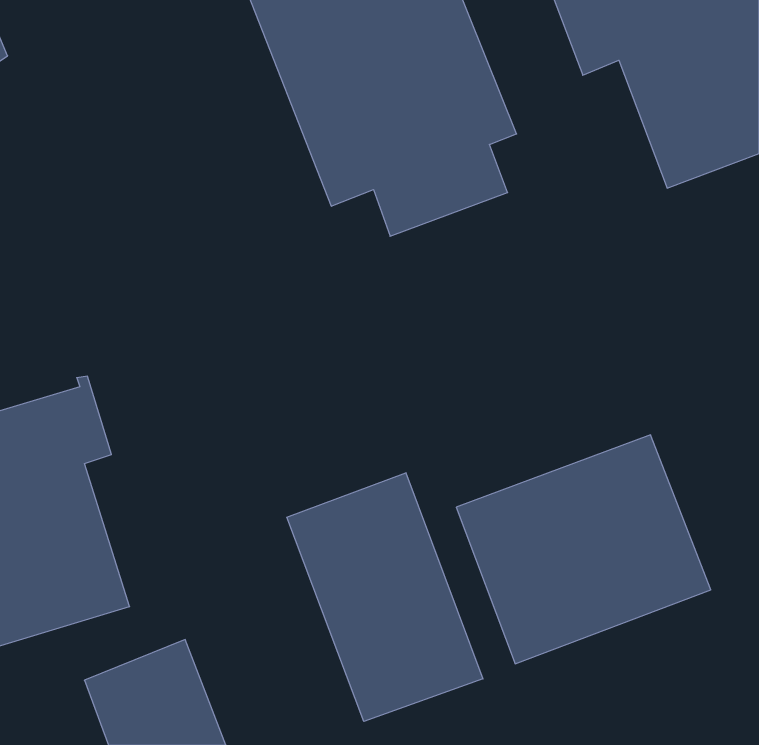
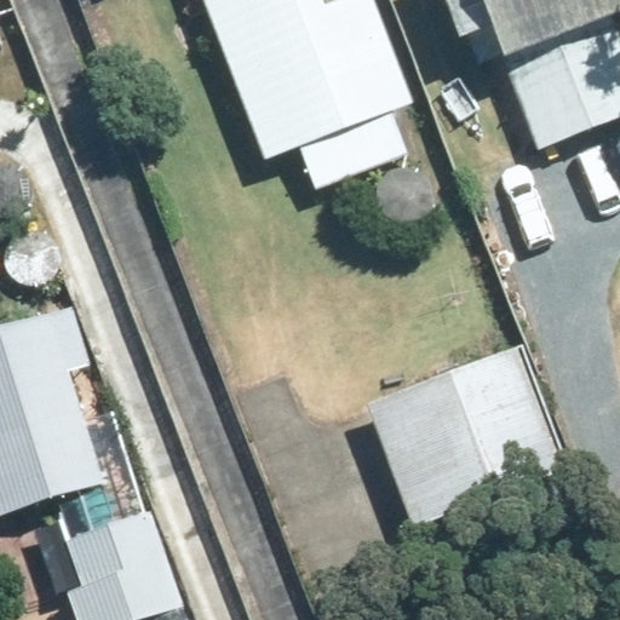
building: [287,473,483,721] -> none

